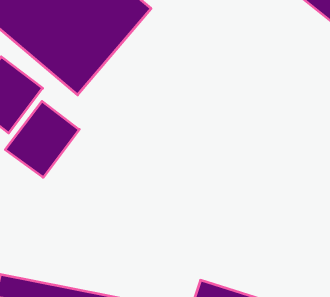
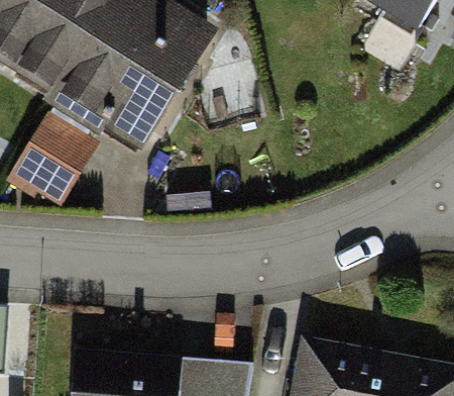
building: [5,101,79,177] -> none

